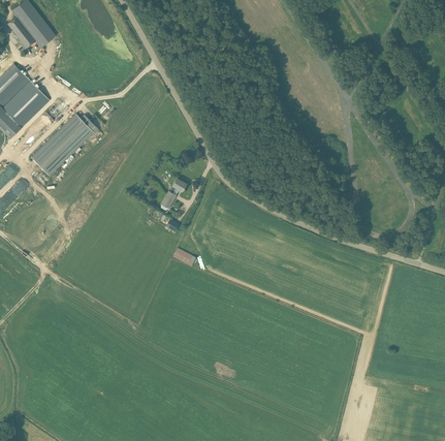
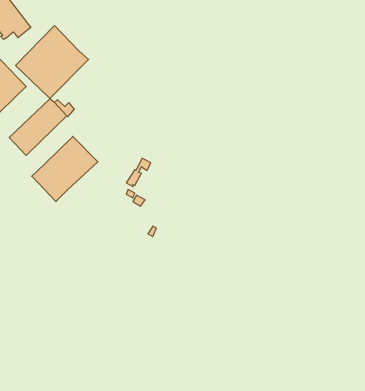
building: none -> [16,26,89,99]
building: none -> [32,136,98,202]

